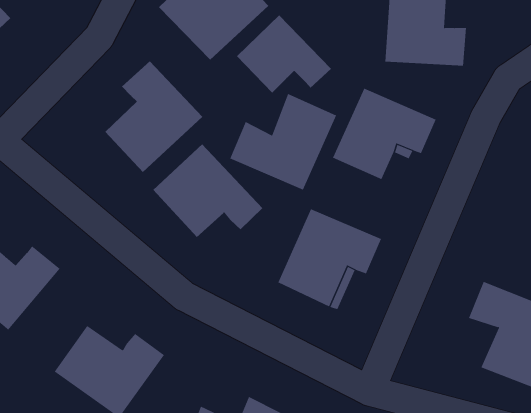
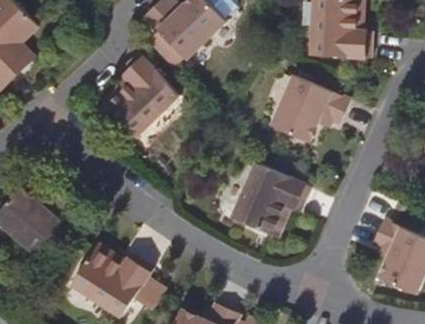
building: [236,15,332,93] -> none
building: [230,93,337,190] -> none
building: [152,143,263,238] -> none

